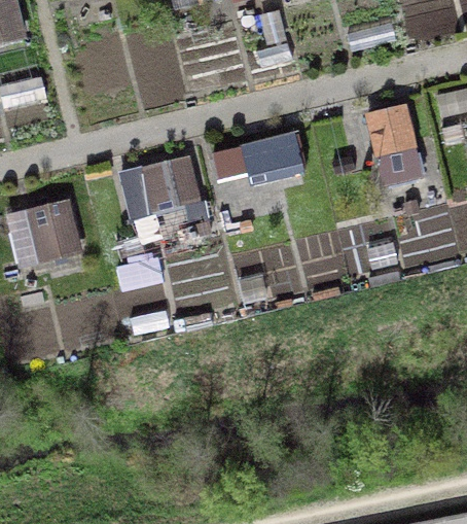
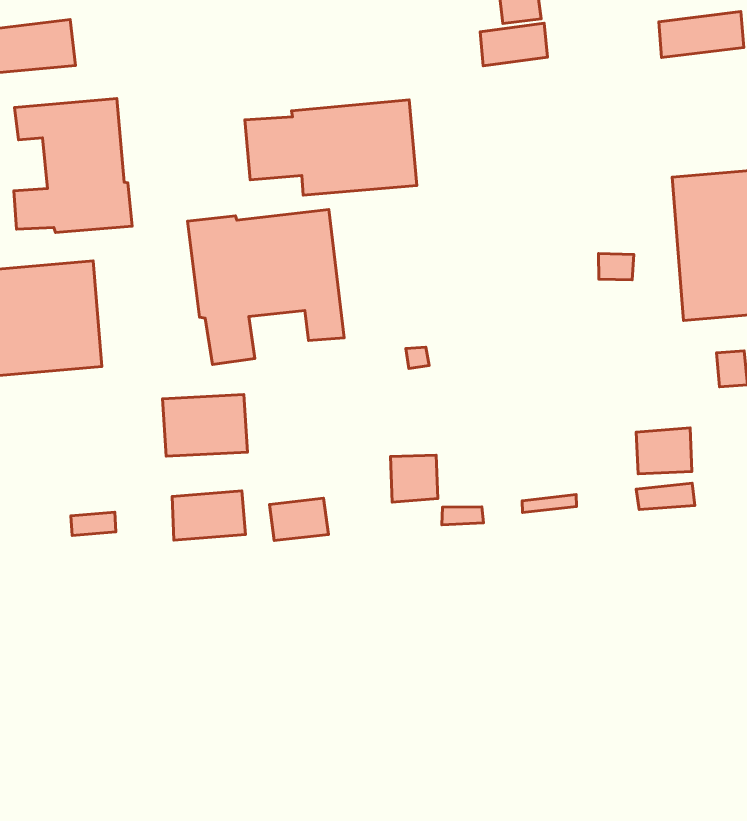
building: none -> [14,99,132,233]
building: [212,130,307,187] -> [245,100,417,195]

